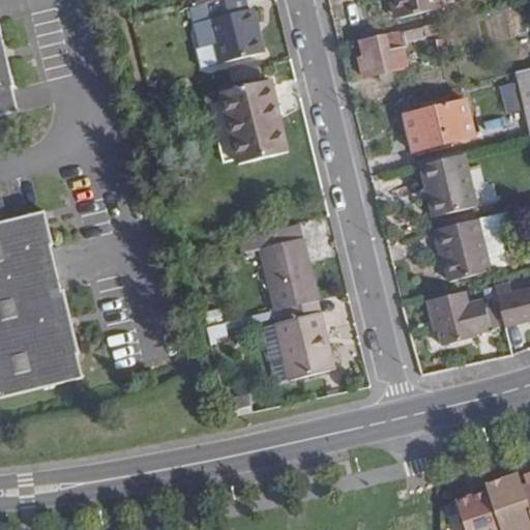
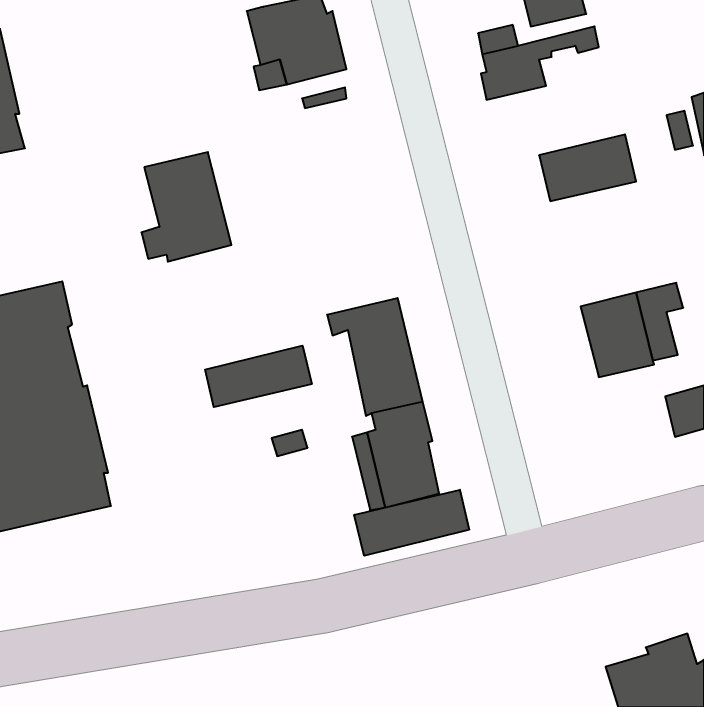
building: [219,80,287,161] -> [141,152,231,262]
building: [419,153,474,217] -> none
building: none -> [205,346,312,407]
building: [423,291,488,345] -> none
building: none -> [354,490,469,556]

